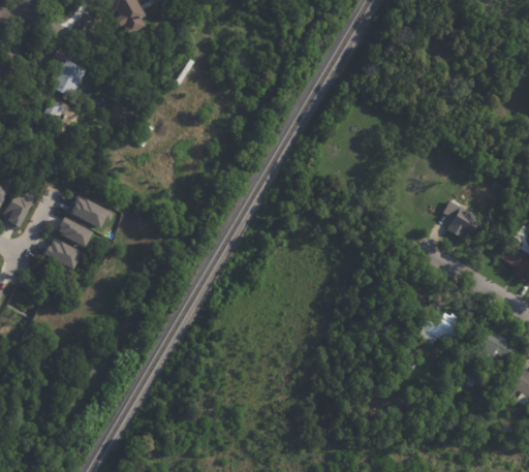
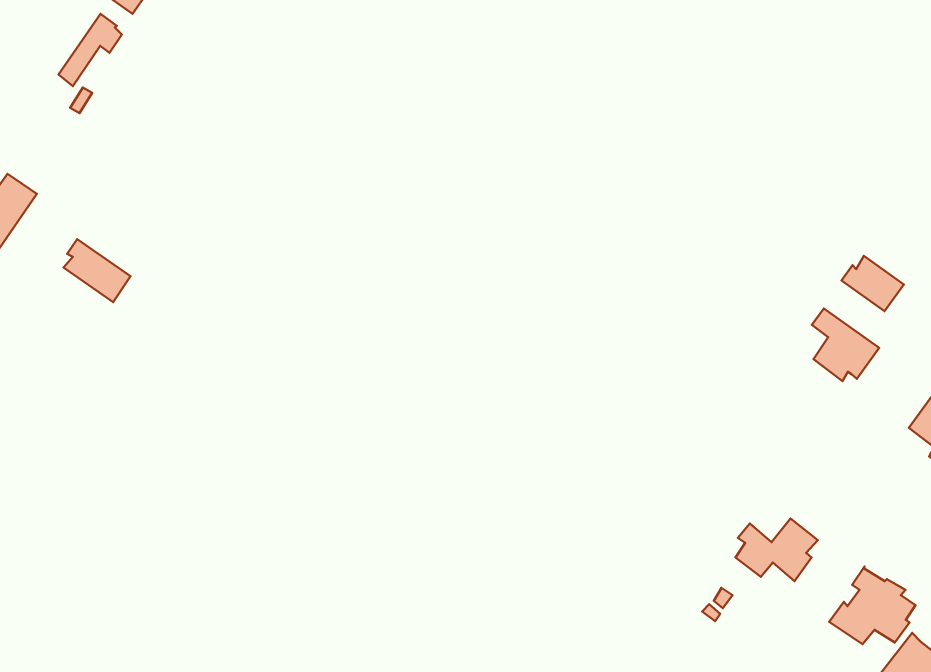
building: none -> [841,256,904,311]
building: [67,193,114,227] -> none
building: [40,237,79,269] -> none

